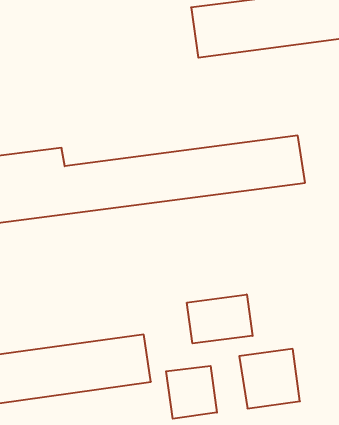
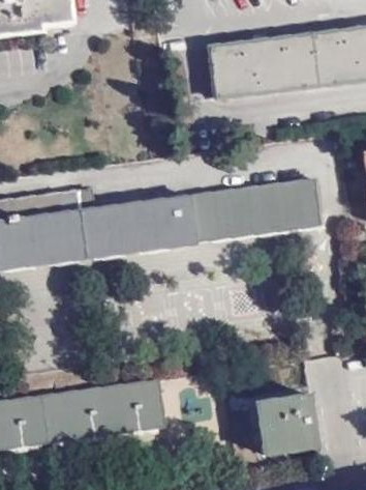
building: [187,294,253,343] -> none
building: [166,366,217,419] -> none

